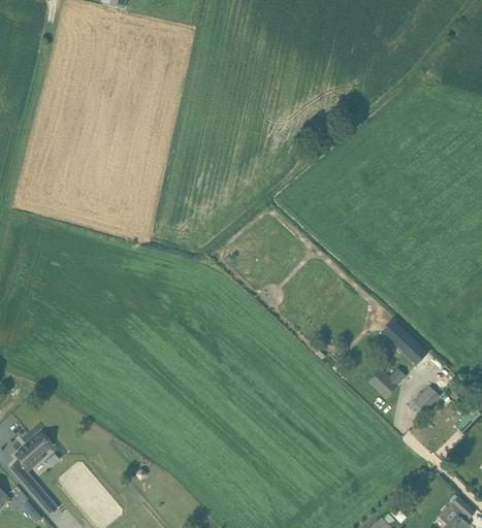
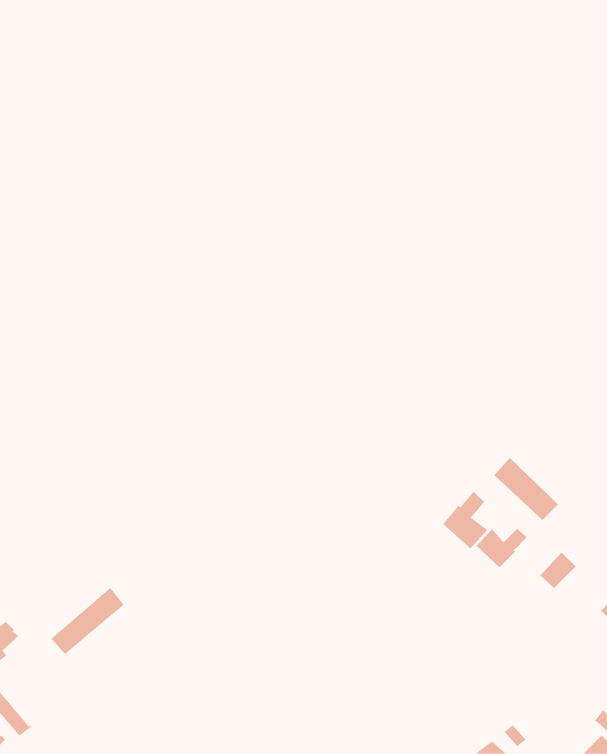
building: none -> [442,491,488,549]
building: none -> [51,587,125,655]

